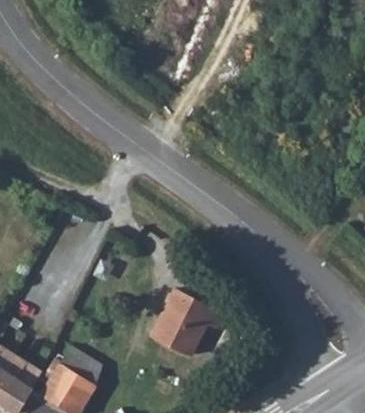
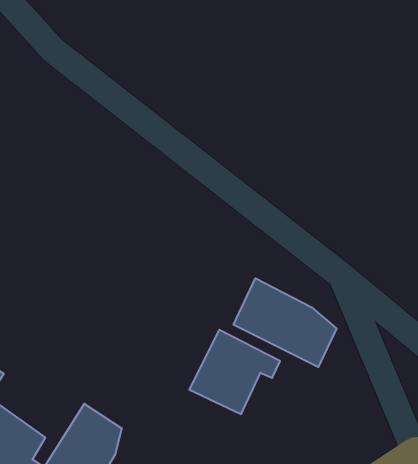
building: none -> [234,278,337,367]

